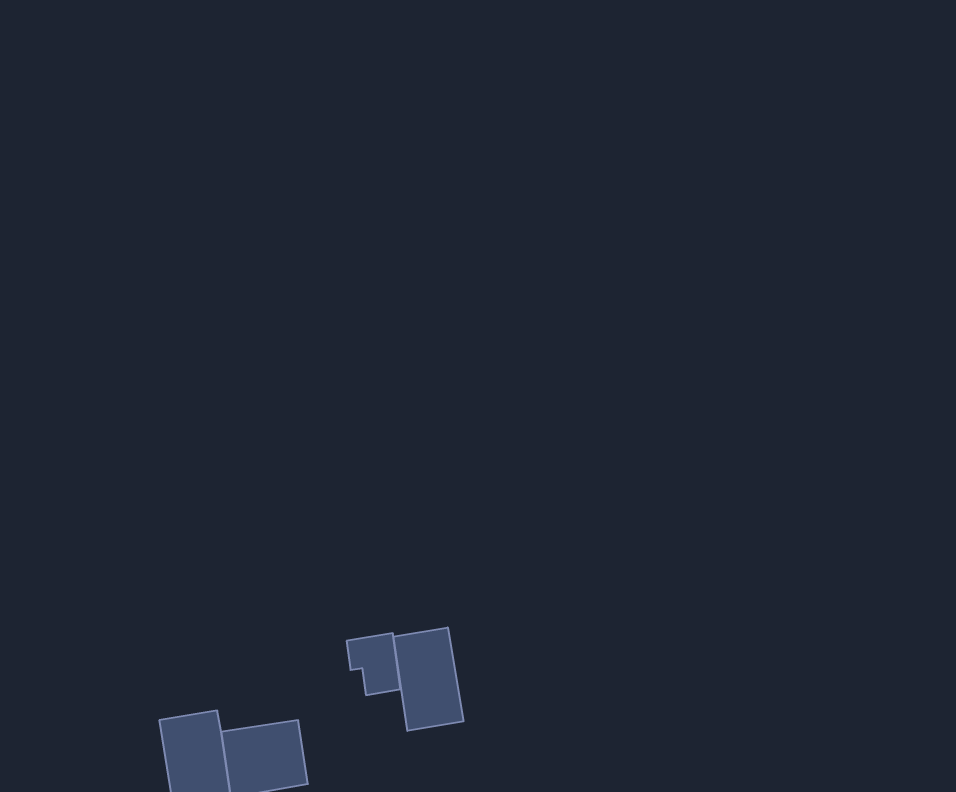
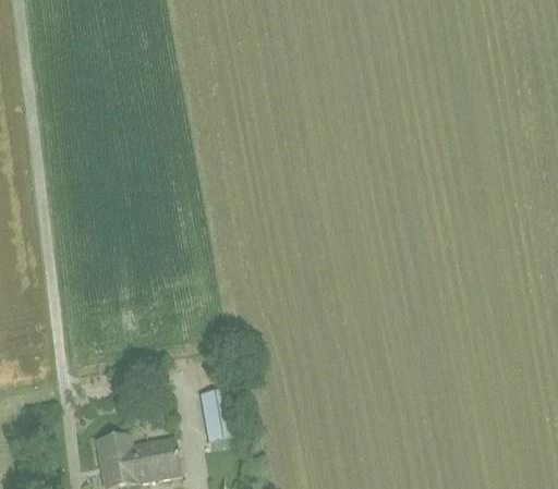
building: [393,627,463,731] -> none

